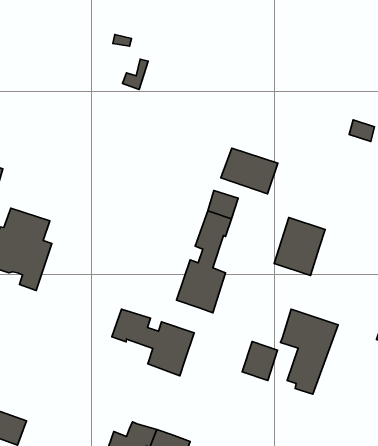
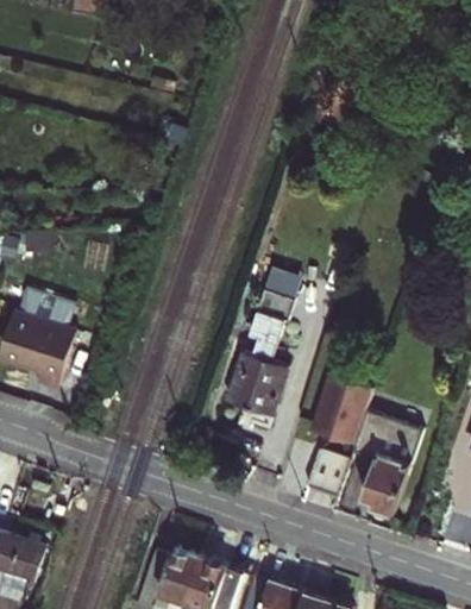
building: [221,148,278,194] -> none
building: [274,218,325,275] -> [310,377,372,447]
building: [112,309,194,376] -> none

